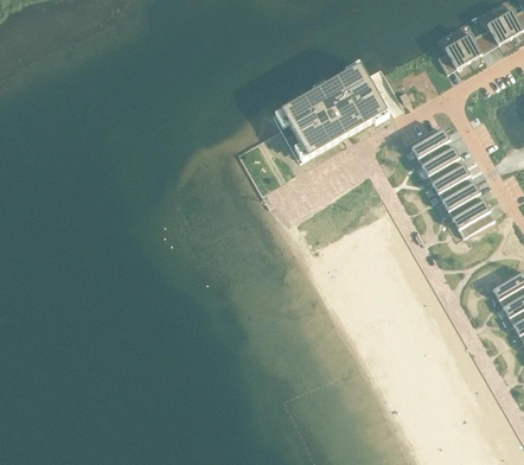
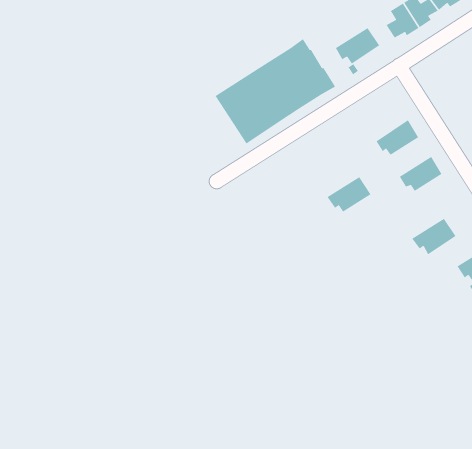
building: [410,128,453,165] -> [335,27,380,67]
building: [430,164,473,199] -> [327,176,372,215]
building: [450,199,493,236] -> [411,218,456,258]

